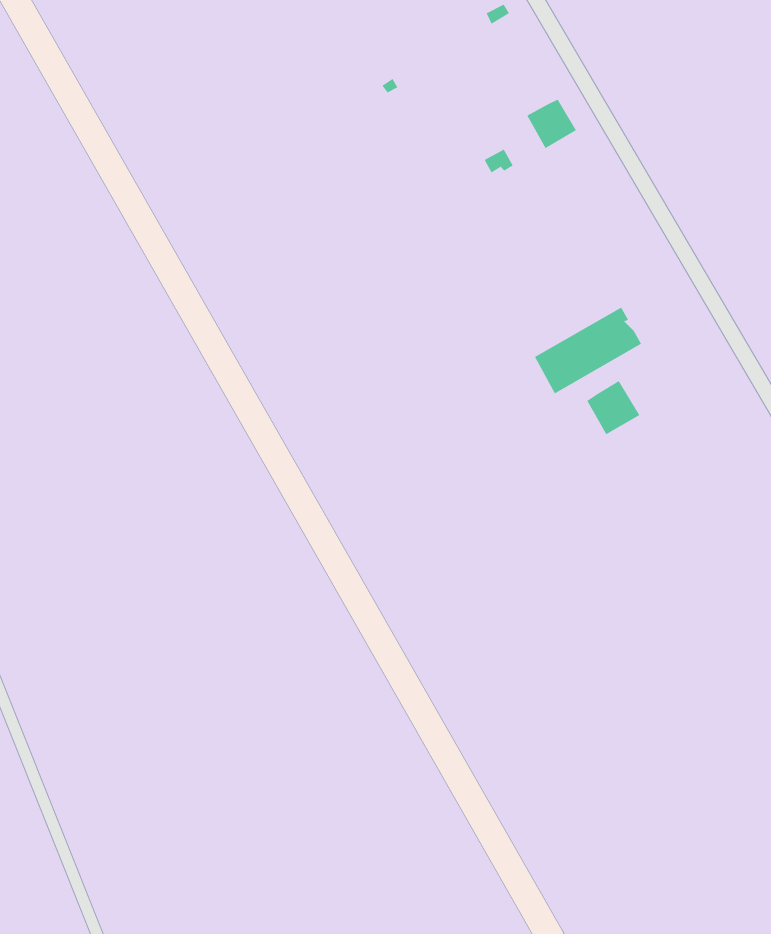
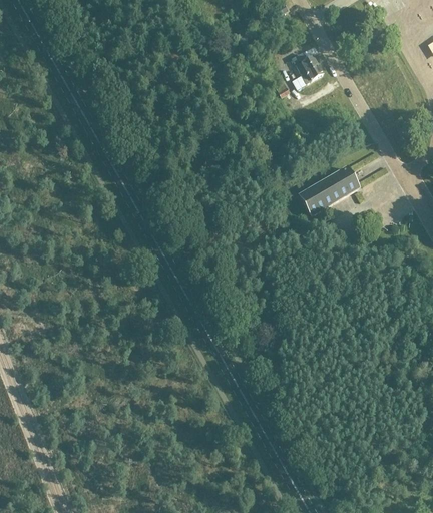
building: [586,380,640,435] -> none

